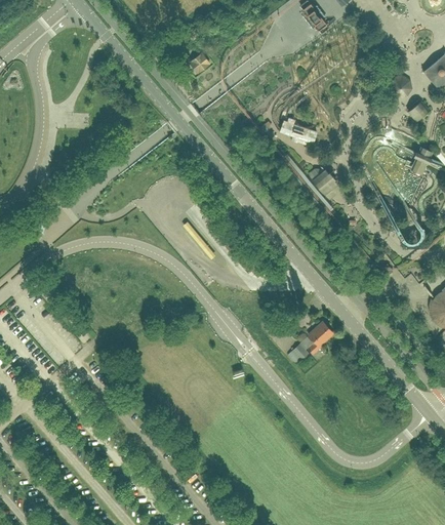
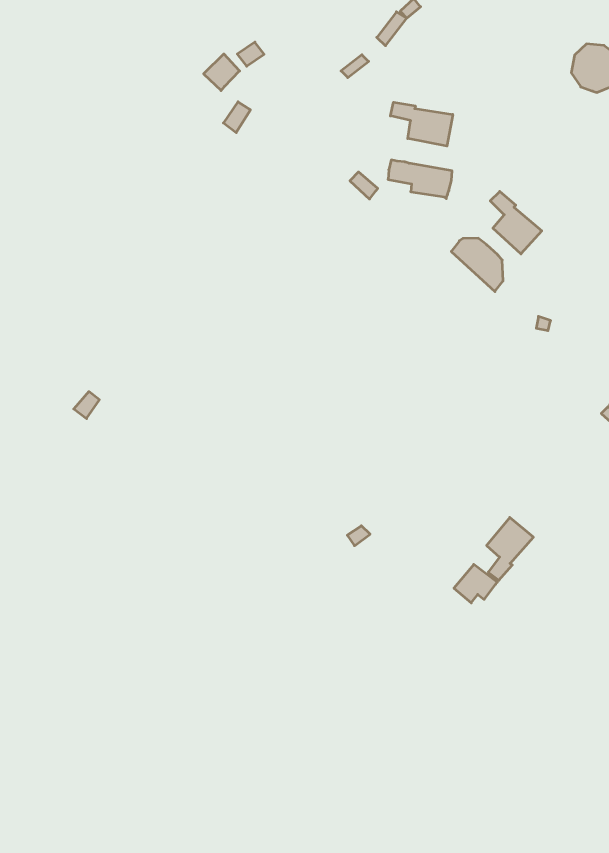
building: none -> [390,102,453,146]
building: none -> [490,191,542,254]

